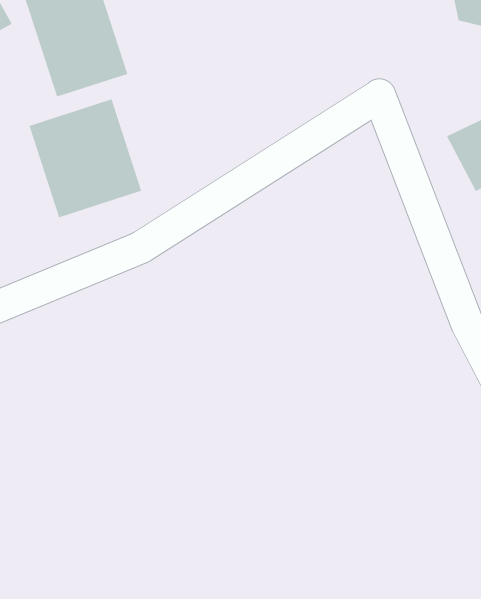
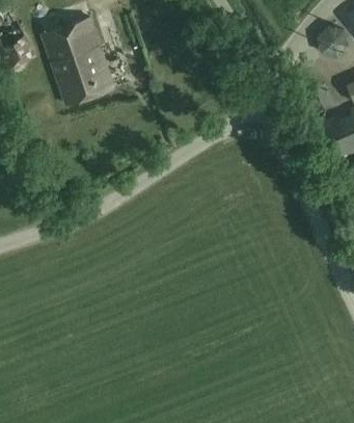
building: [29,98,142,218] -> none

